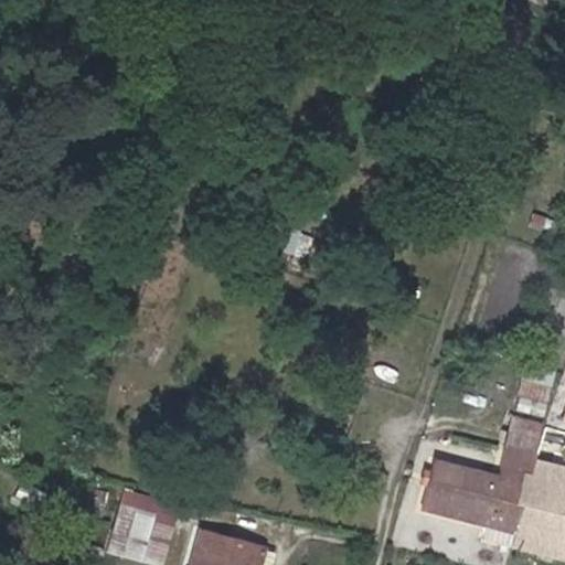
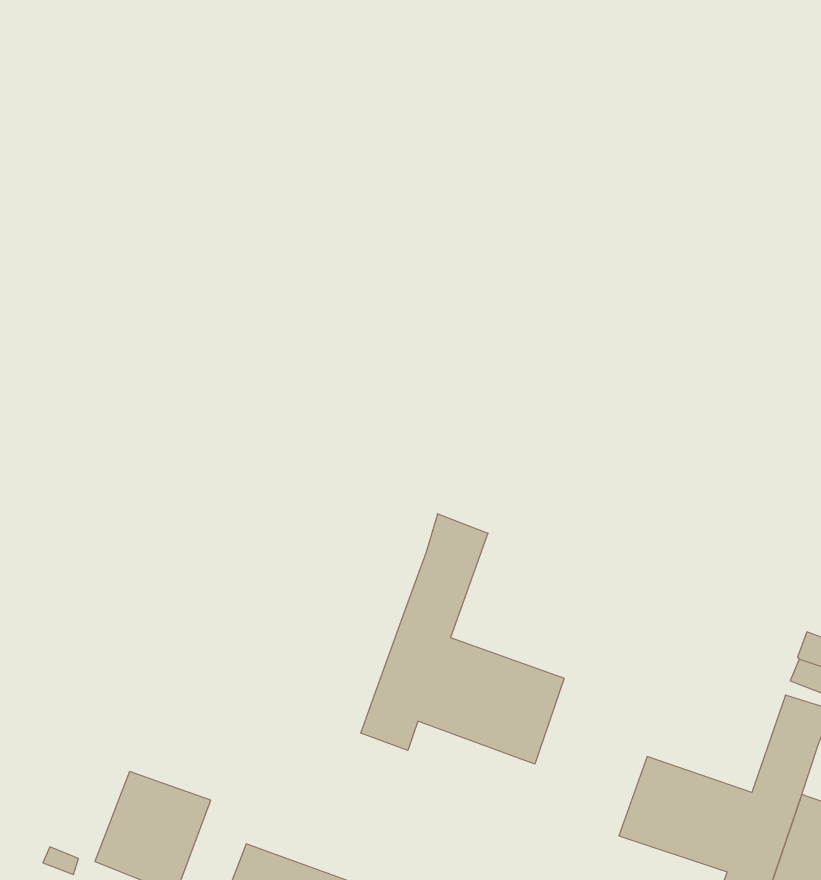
building: none -> [361,514,564,764]

